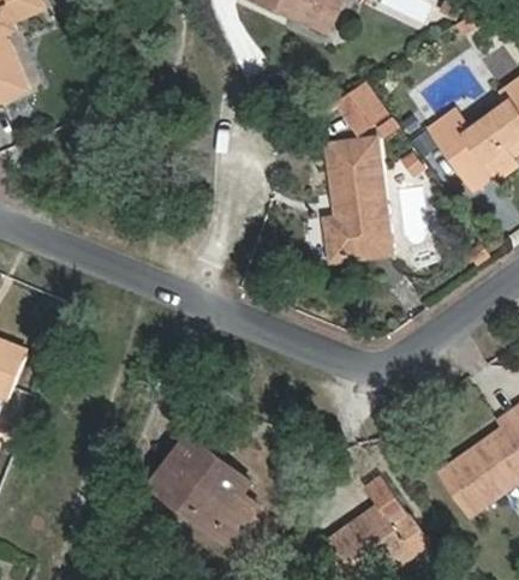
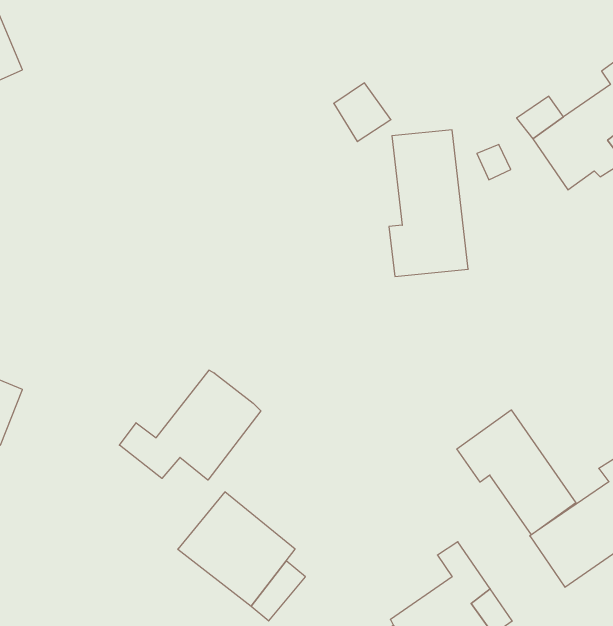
building: [340,83,387,131] -> [334,83,391,142]
building: none -> [119,370,261,480]
building: none -> [457,410,576,535]

